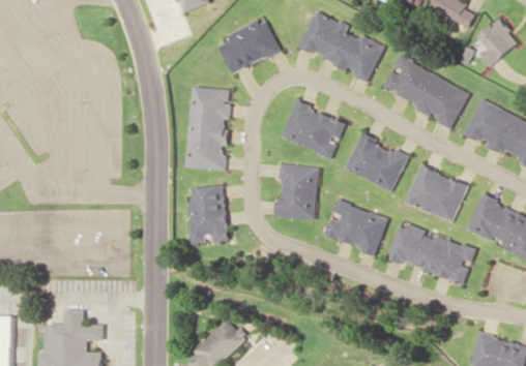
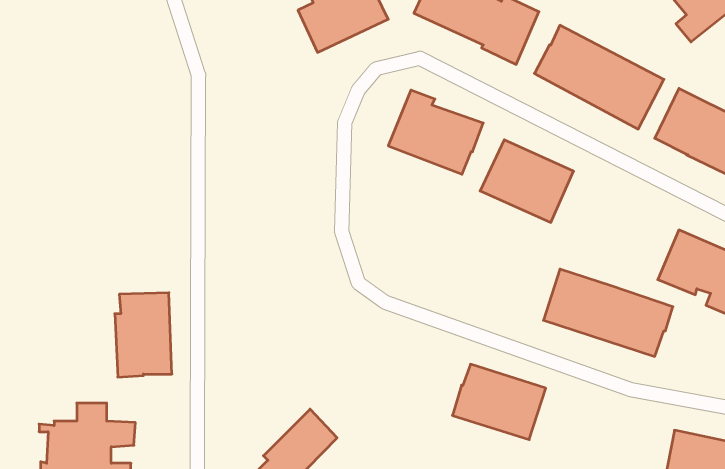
building: [186,86,229,170] -> none
building: [275,163,319,219] -> none
building: [404,164,468,221] -> none
building: [188,185,228,243] -> [115,293,172,377]
building: [324,201,388,252] -> [452,364,546,440]

